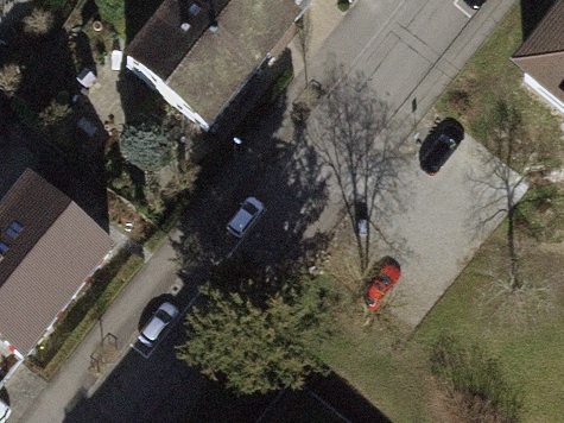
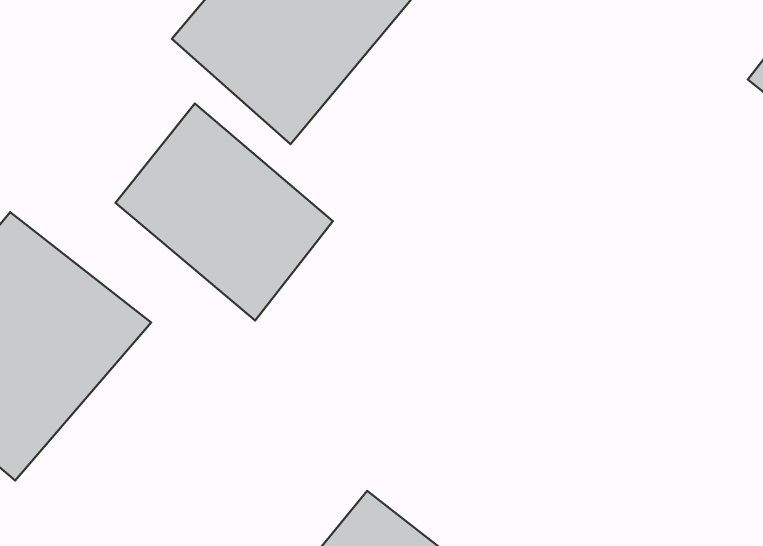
building: none -> [116,103,333,321]

